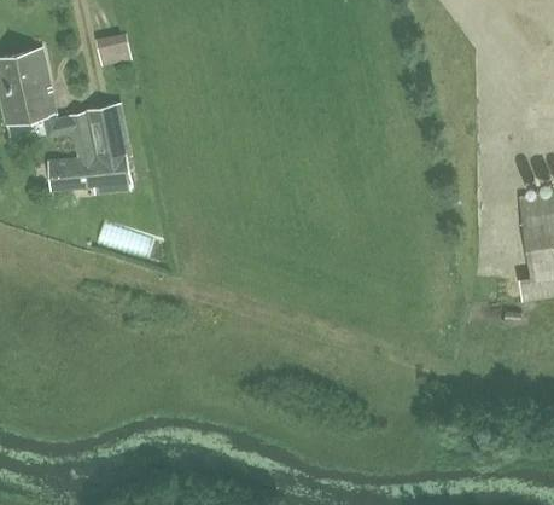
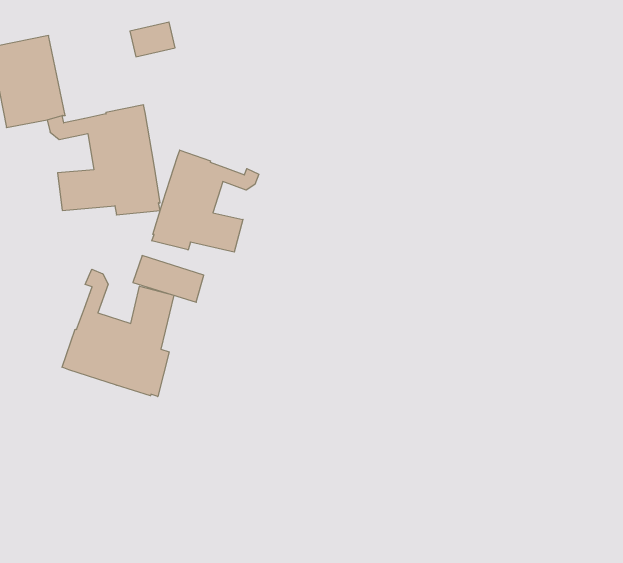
building: none -> [152,150,259,252]
building: none -> [62,269,174,397]

